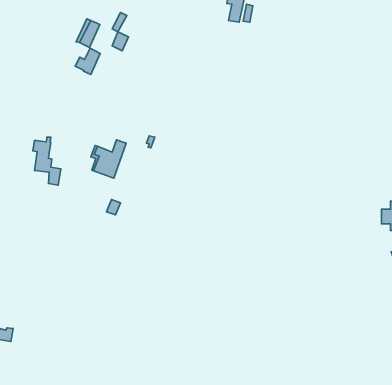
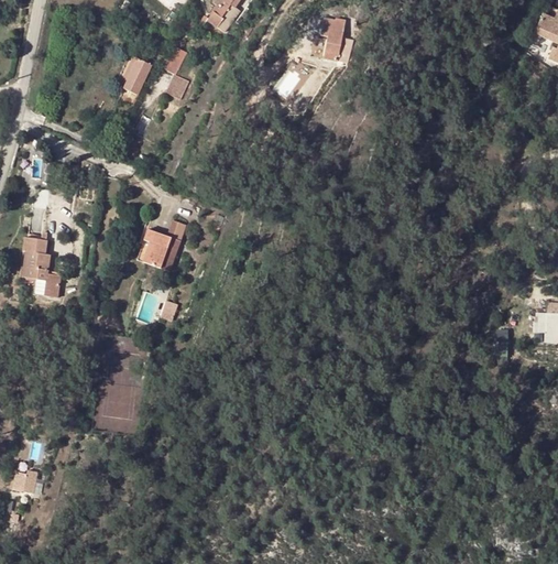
building: [75,48,100,74] -> none
building: [33,137,61,185] -> [23,232,61,297]

